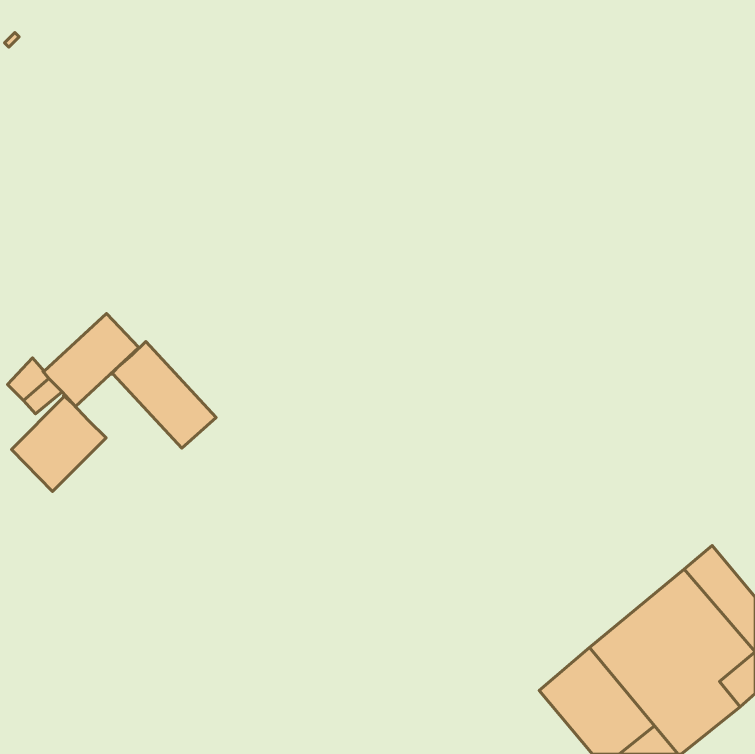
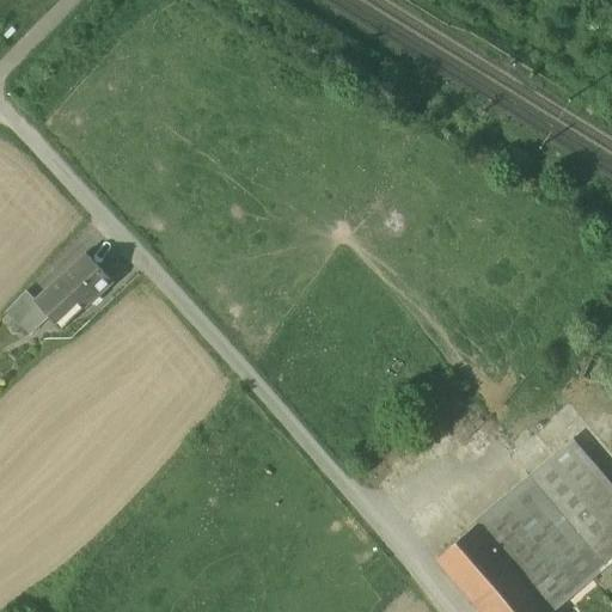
building: [112,342,216,448] -> none
building: [11,395,106,491] -> none

